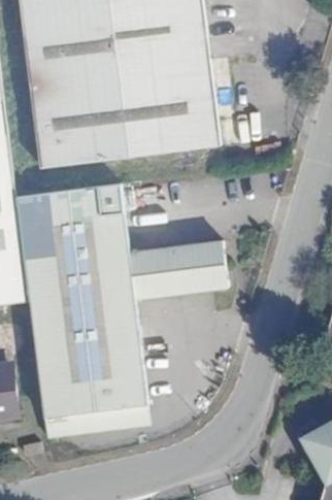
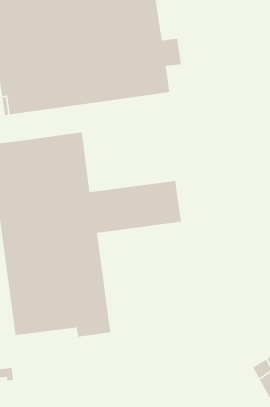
building: [46,400,154,438] -> none

